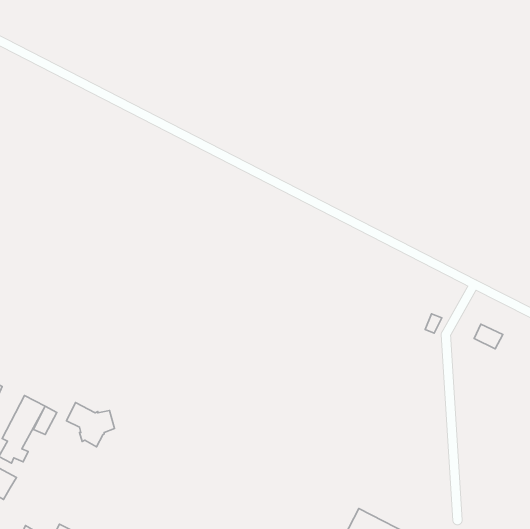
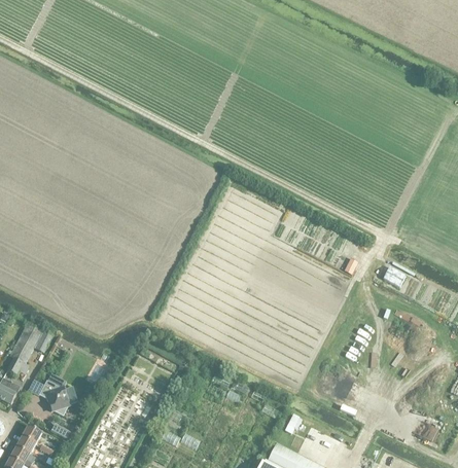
building: [67,403,115,447] -> [37,381,75,416]

